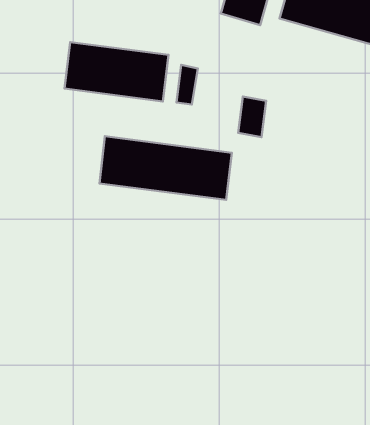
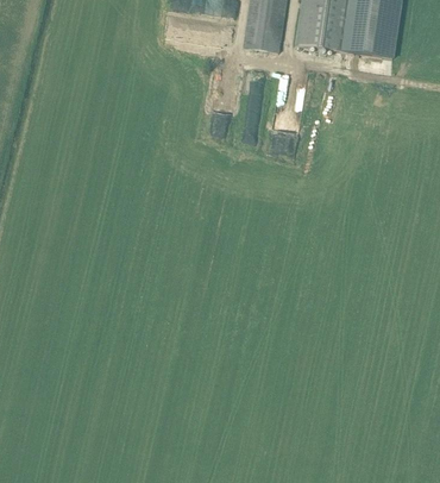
building: [64,42,169,101] -> none
building: [99,136,232,200] -> none

